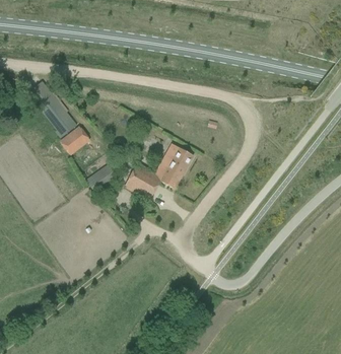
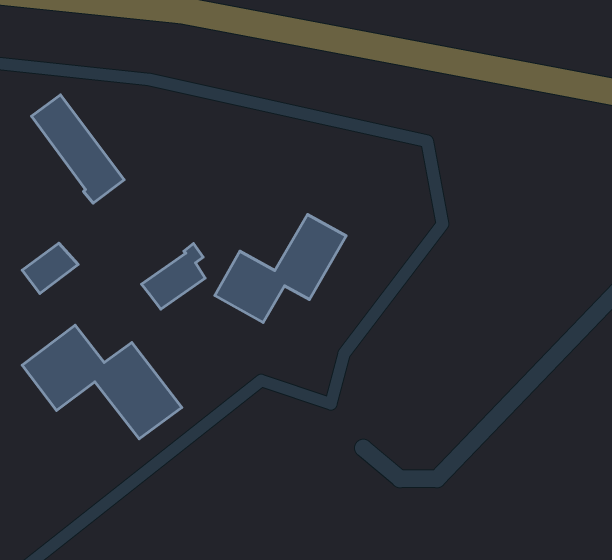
building: [60,127,89,153] -> [22,243,78,293]
building: none -> [22,325,182,439]

